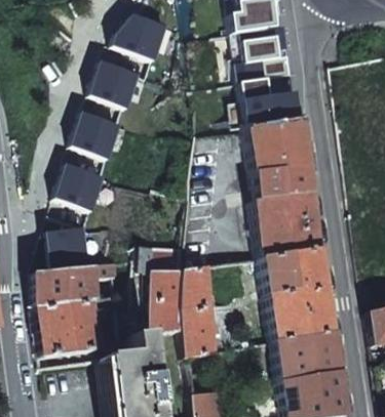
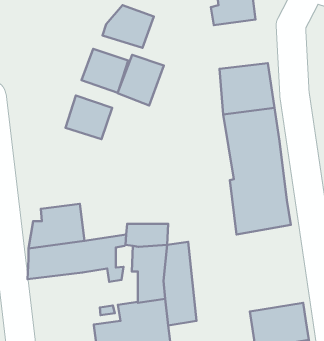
building: [235,27,294,81] -> none
building: none -> [118,55,164,105]
building: [59,163,108,209] -> none
building: [260,249,332,342] -> none
building: [34,300,101,358] -> none

